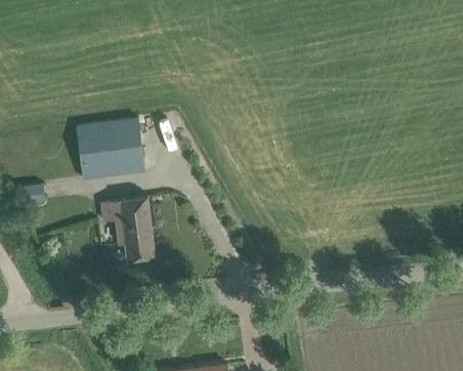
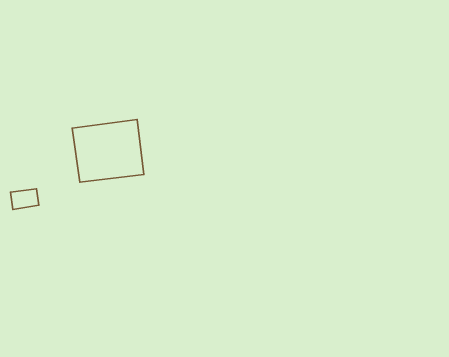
building: [100,197,154,259] -> none

